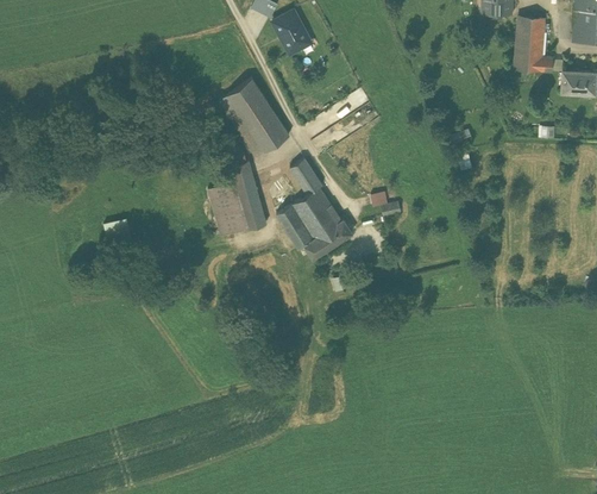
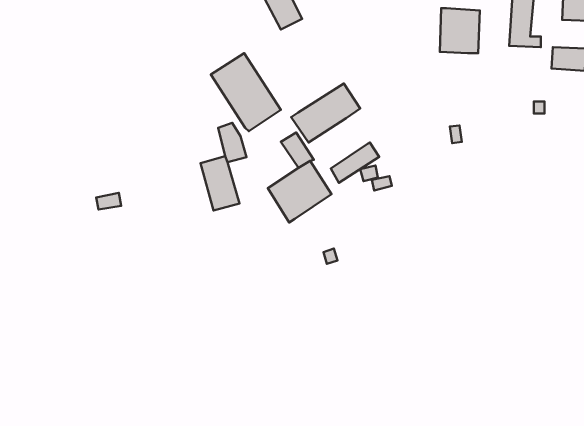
building: none -> [440,8,480,53]
building: none -> [291,84,360,142]
building: [235,182,266,229] -> none
building: [303,218,352,258] -> [331,143,379,183]

